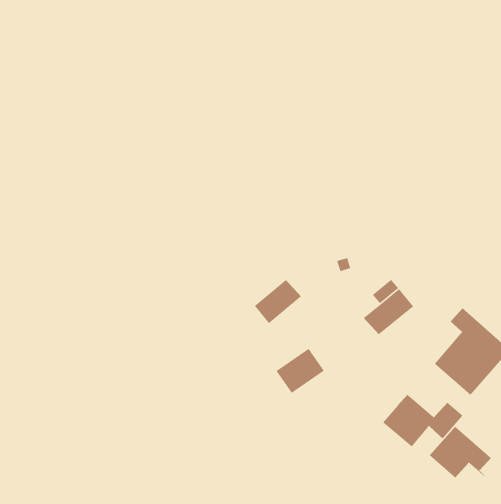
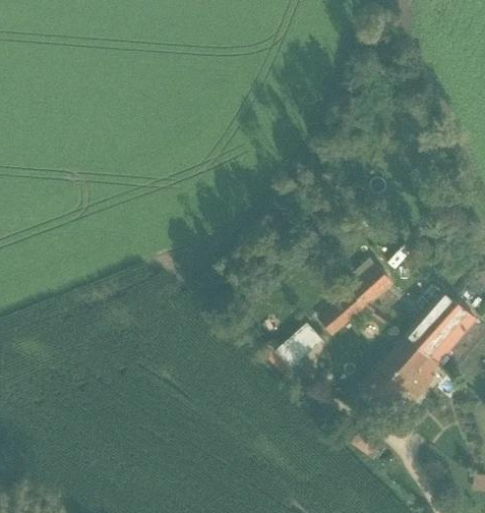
building: [254,279,302,324] -> [319,294,362,334]
building: [429,426,492,479] -> [387,335,443,382]

